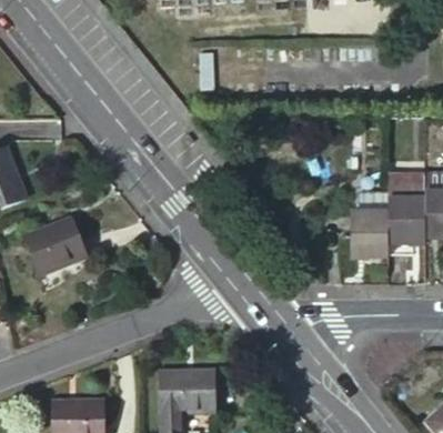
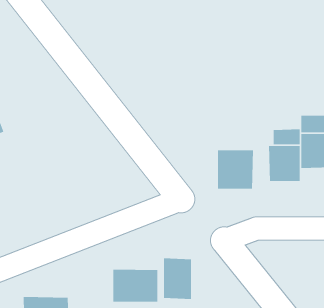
building: none -> [217,150,254,189]
building: [28,226,91,283] -> none
building: none -> [163,258,192,300]

